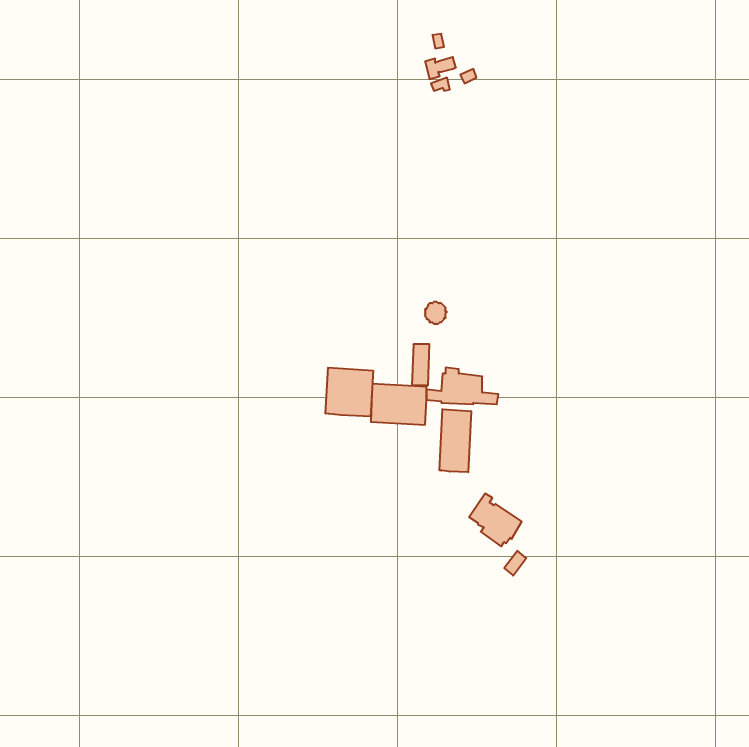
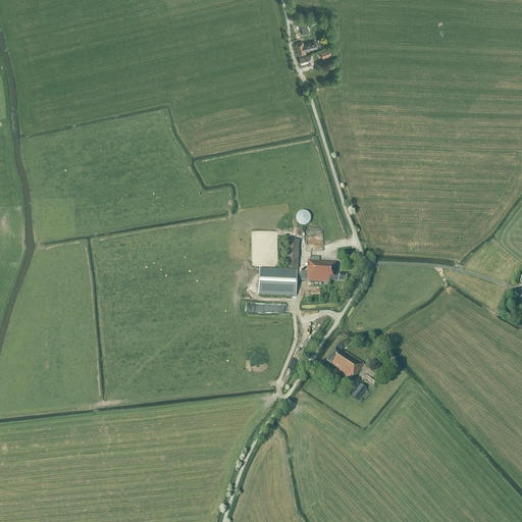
building: [326,368,373,417] -> none
building: [440,409,471,472] -> none

